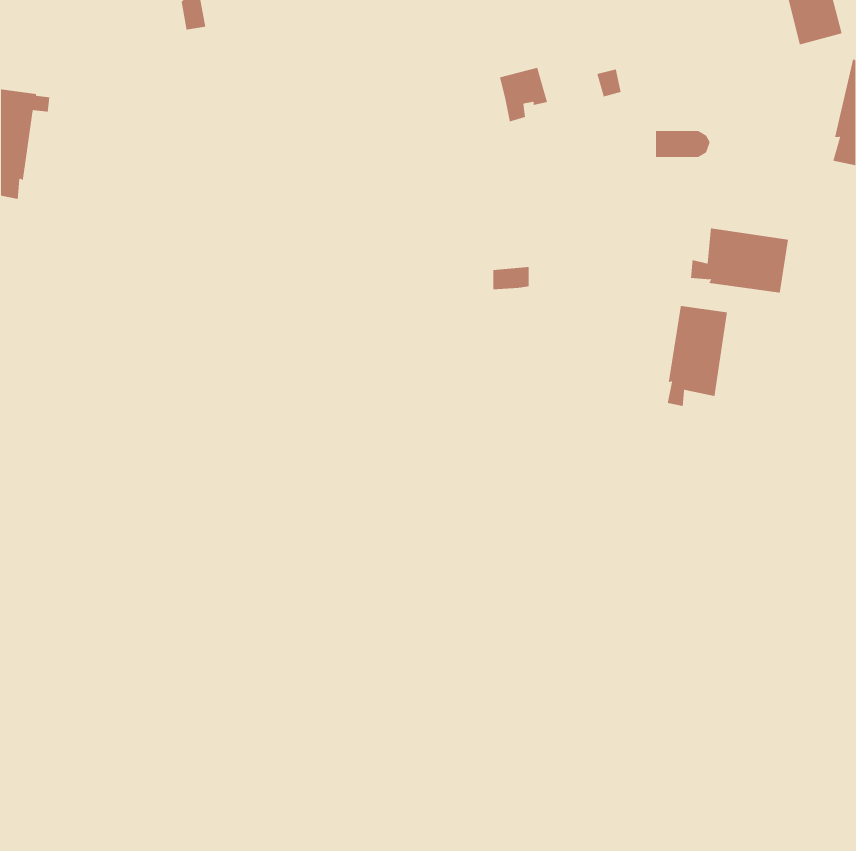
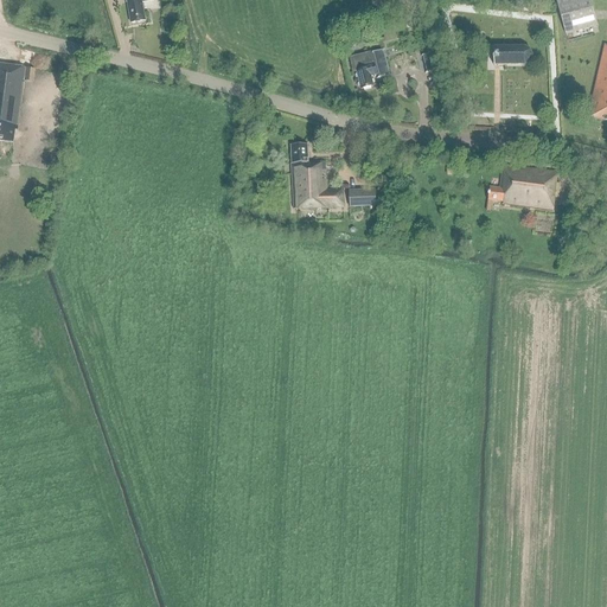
building: [655,131,710,157] -> [494,44,533,63]
building: none -> [292,142,344,205]
building: [667,305,728,407] -> none

